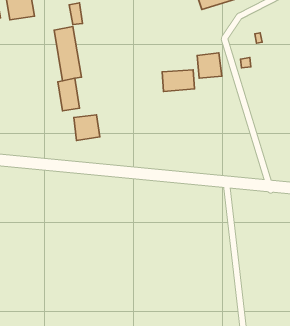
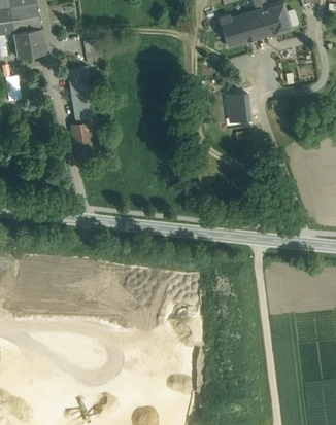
building: [162,70,195,91] -> none
building: [74,115,100,141] -> none

